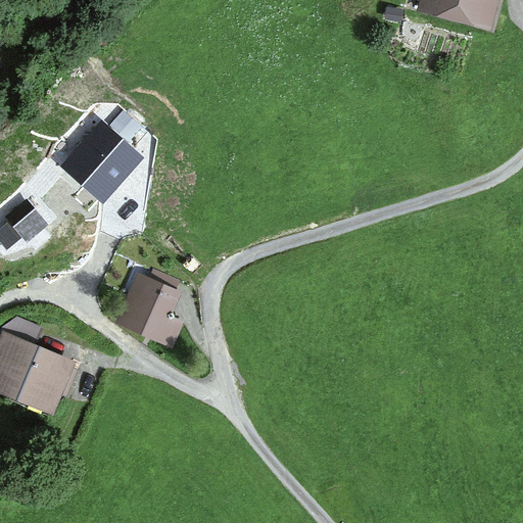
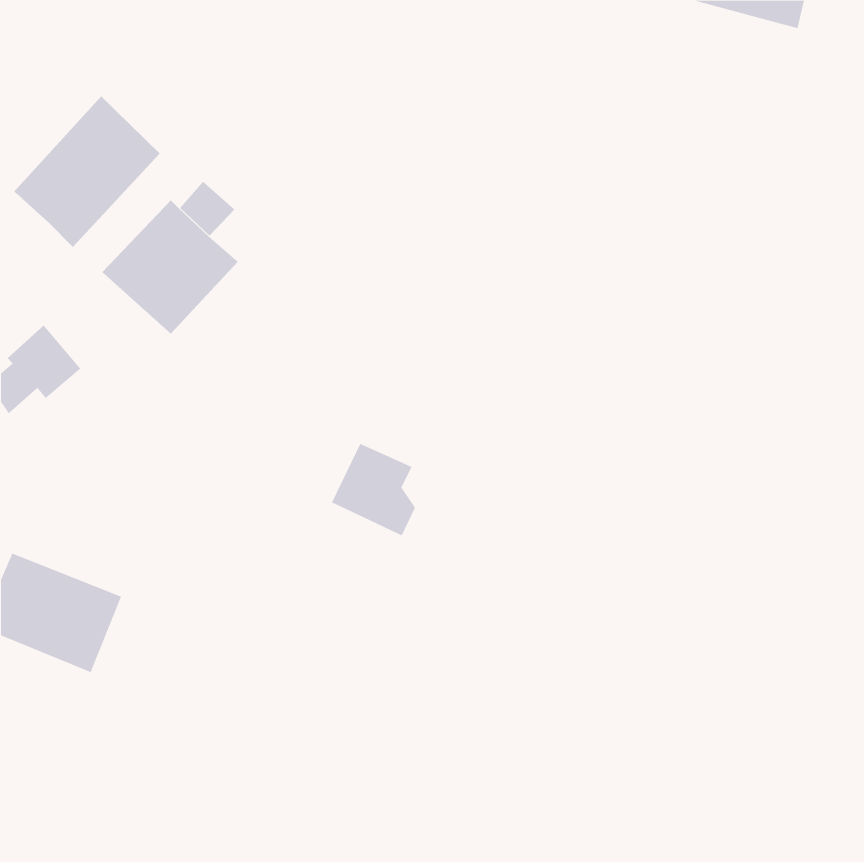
building: none -> [13,96,161,248]
building: [127,281,178,337] -> [331,443,416,536]

